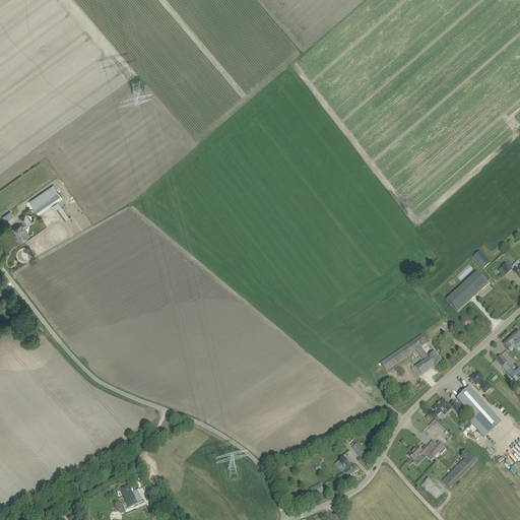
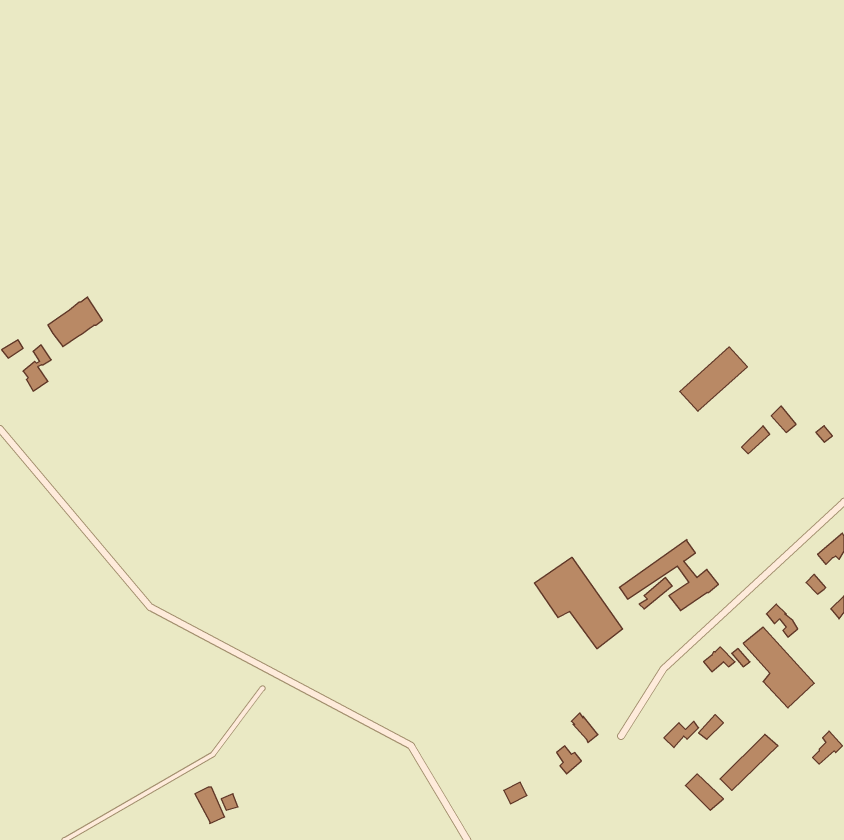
building: [447,270,489,310] -> [680,347,747,411]
building: none -> [534,557,623,649]

